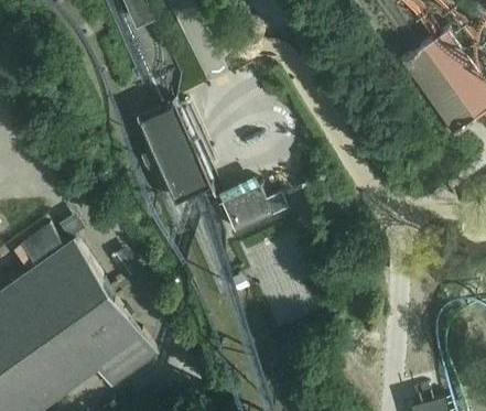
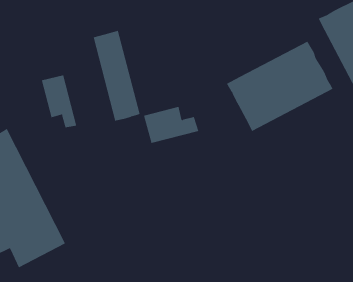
building: none -> [226,41,333,132]
building: none -> [41,74,77,128]

